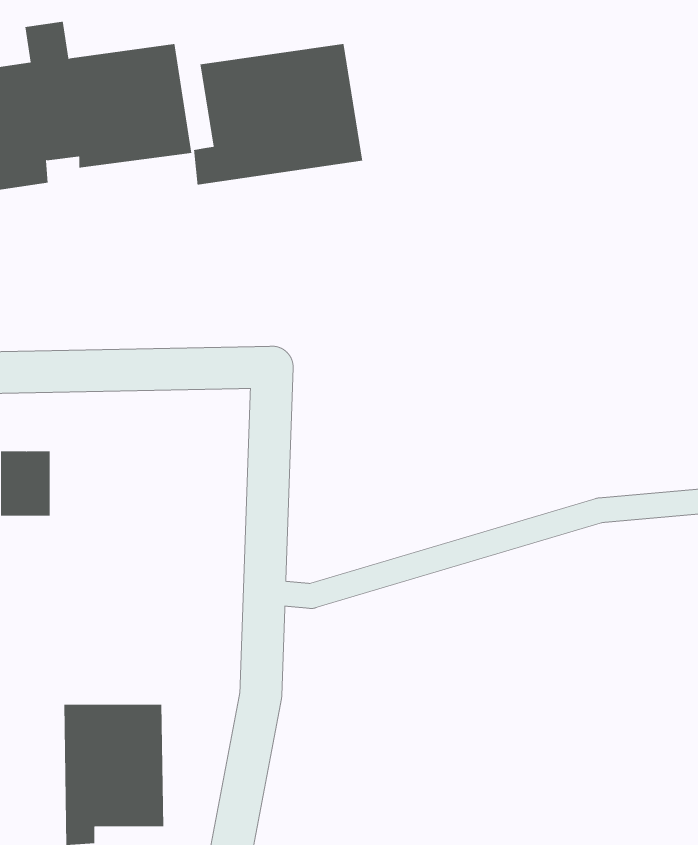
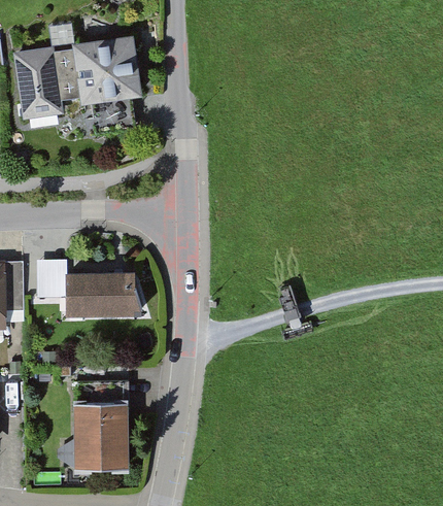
building: [194,43,363,185] -> none
building: none -> [68,271,136,315]

